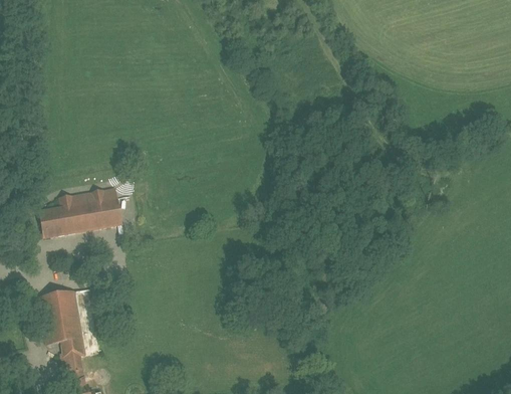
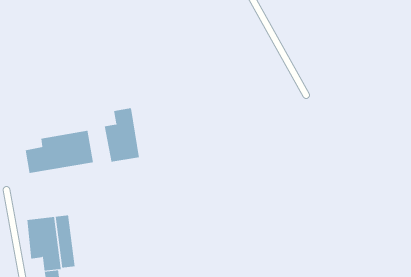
building: none -> [104,107,139,163]

